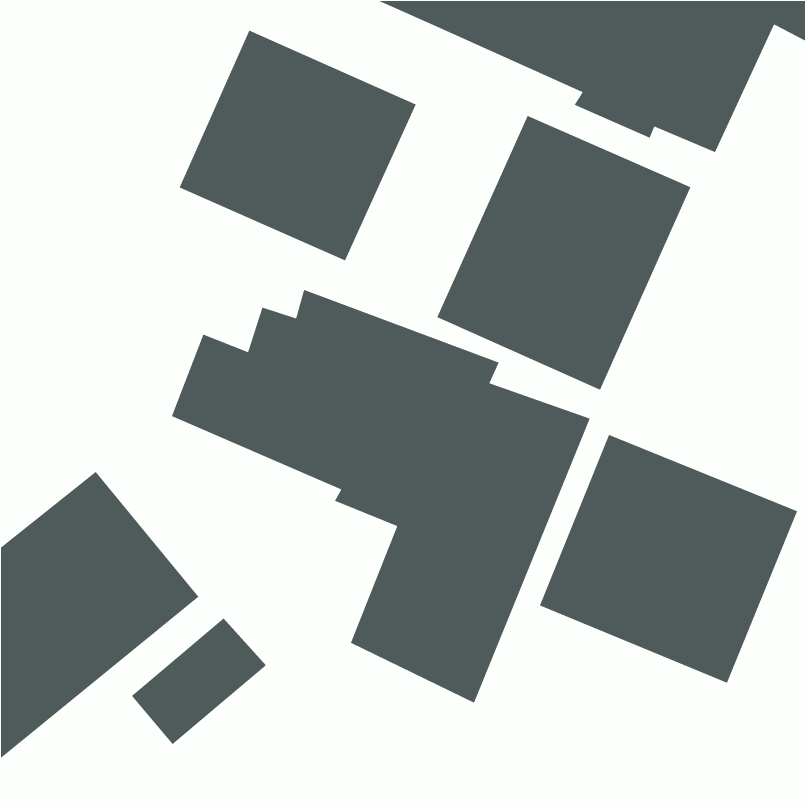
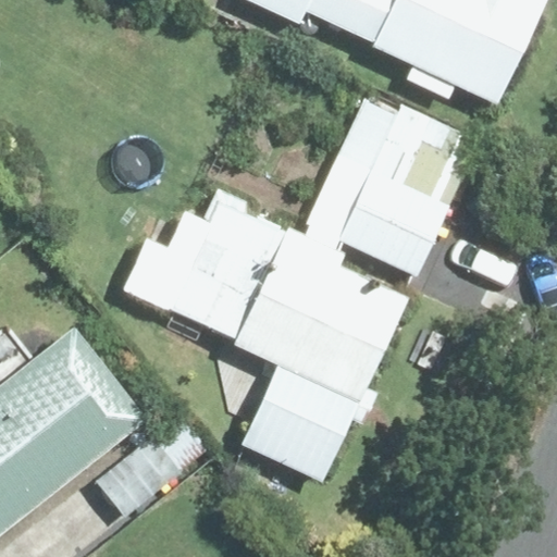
building: [178,29,417,262] -> none
building: [539,434,798,684] -> none

